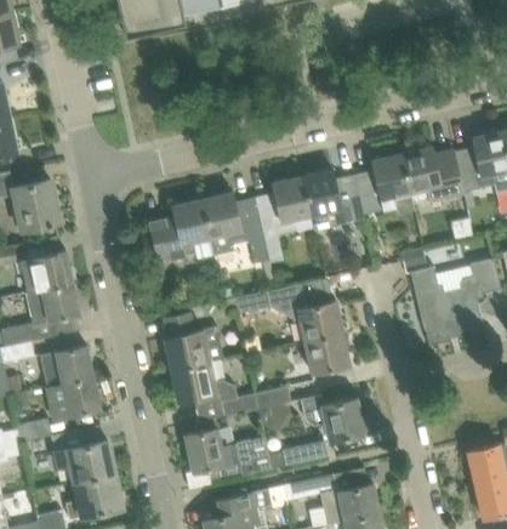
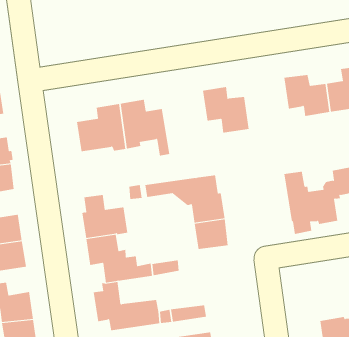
building: [355,153,410,220] -> none
building: [255,176,311,257] -> none
building: [300,393,364,442] -> none

